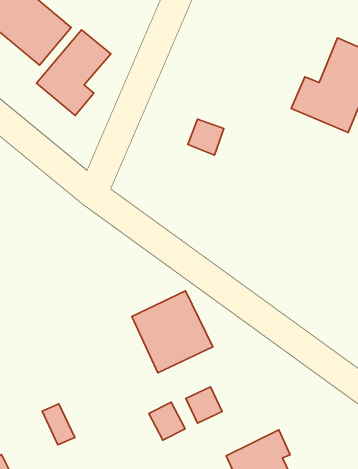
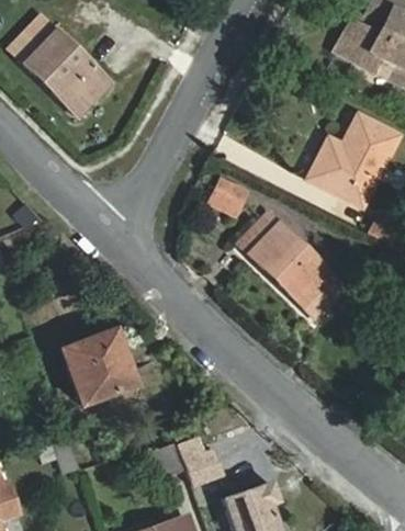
building: [37,30,111,115] -> none
building: none -> [250,224,335,308]
building: [132,291,213,373] -> [59,330,133,405]

